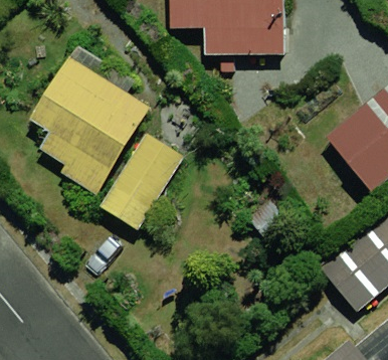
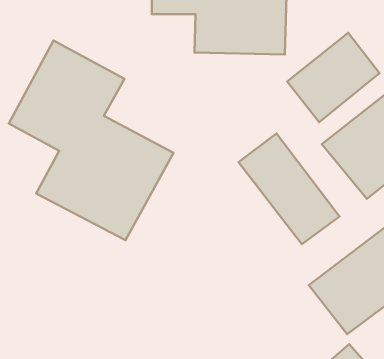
building: none -> [287,33,380,122]
building: none -> [239,133,339,244]

